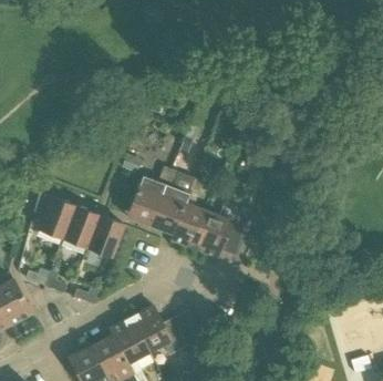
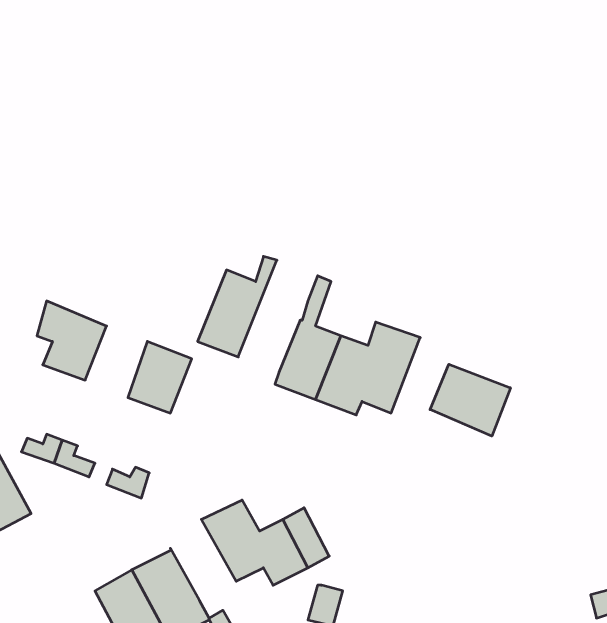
building: [148,168,188,233] -> none
building: [61,206,96,247] -> none
building: none -> [430,364,510,436]
building: [106,317,147,363] -> none

